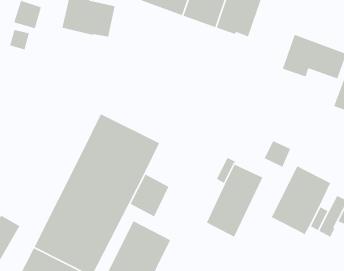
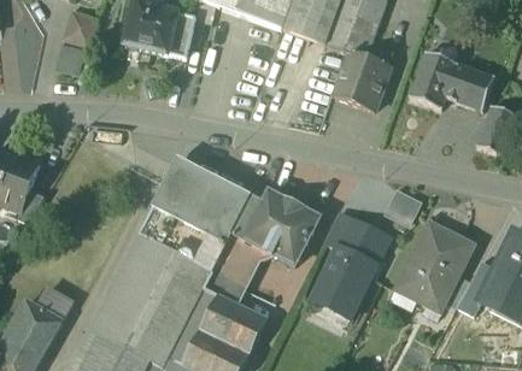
building: none -> [334,49,391,110]
building: none -> [233,190,319,264]

